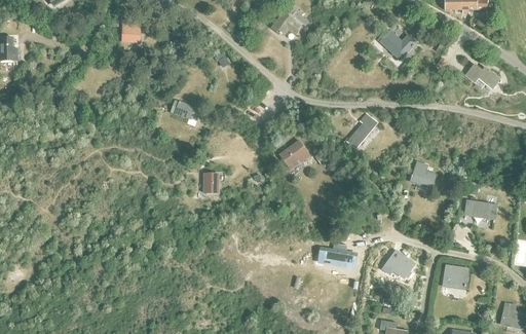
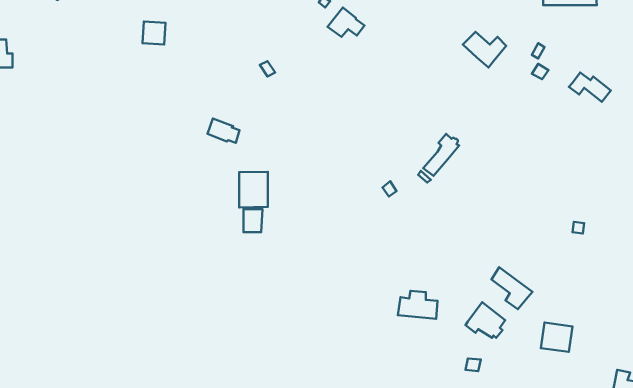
building: [283,140,310,166] -> none
building: none -> [239,172,268,207]
building: [411,161,436,188] -> none
building: [464,199,496,219] -> none
building: none -> [491,267,533,309]

